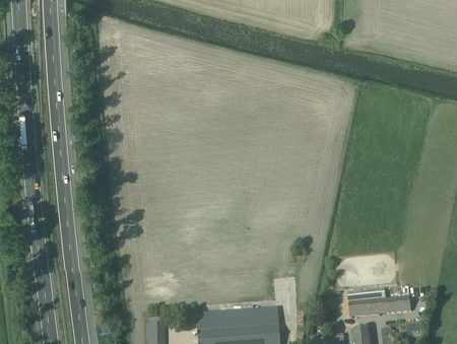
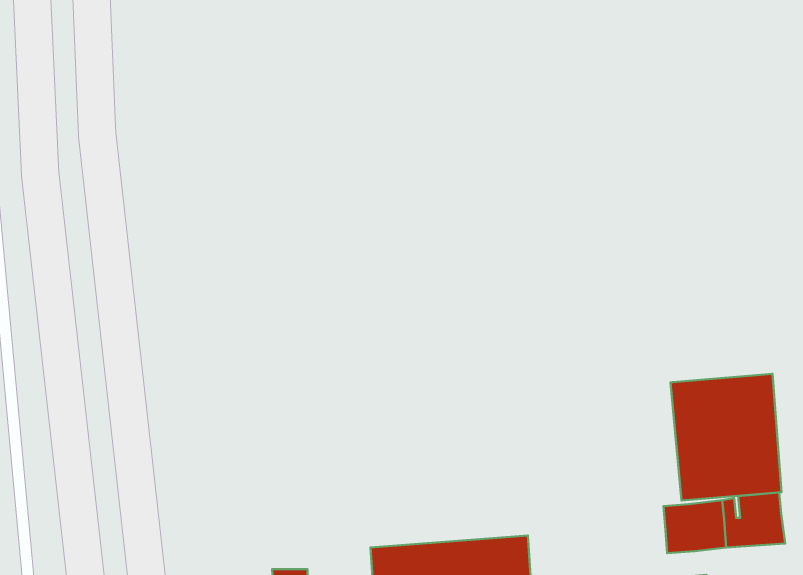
building: none -> [670,374,781,500]

